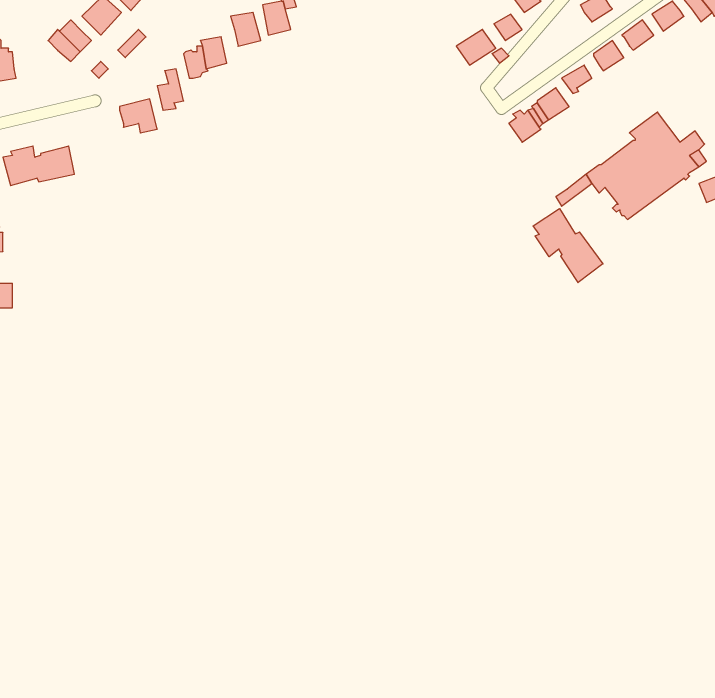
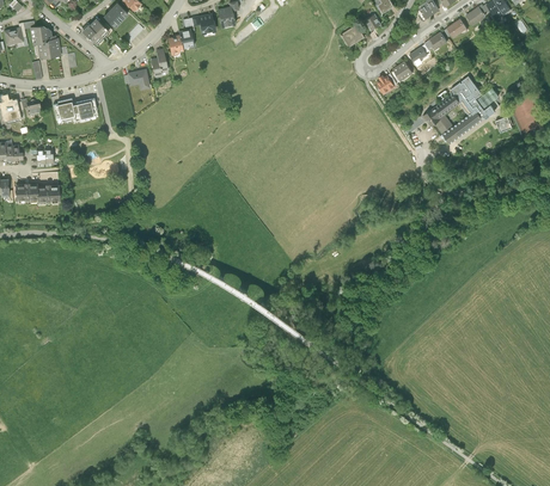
building: [533,209,603,283] -> none

